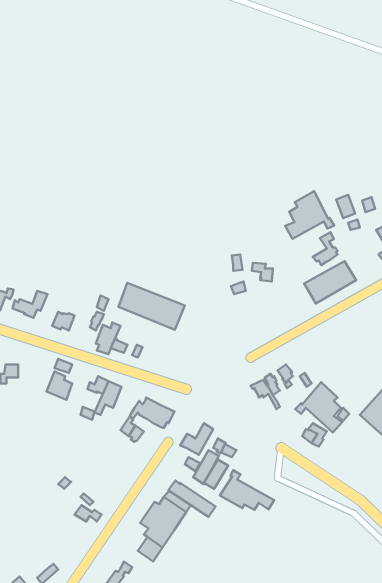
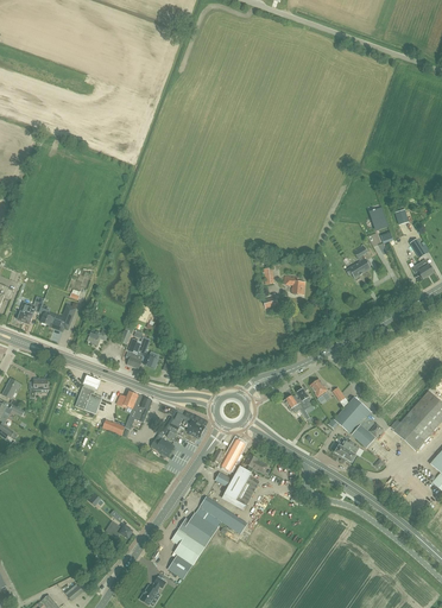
building: [285,191,334,239] -> none
building: [304,261,356,304] -> none
building: [119,283,185,330] -> none
building: [220,470,274,510] -> none

